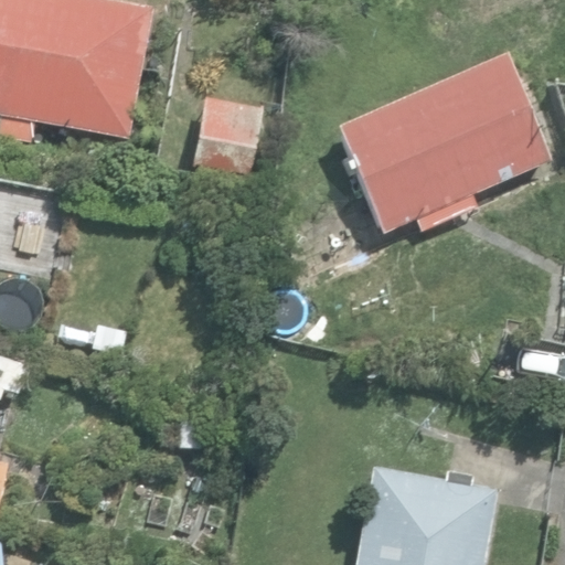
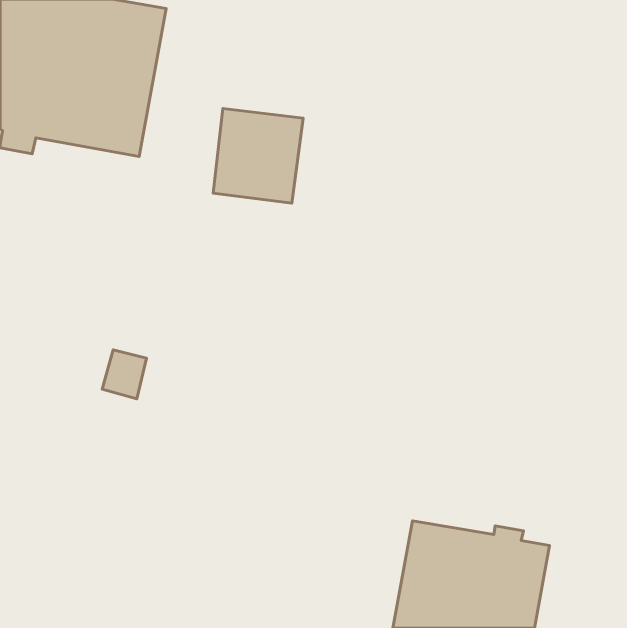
building: [338,55,550,233] -> none

